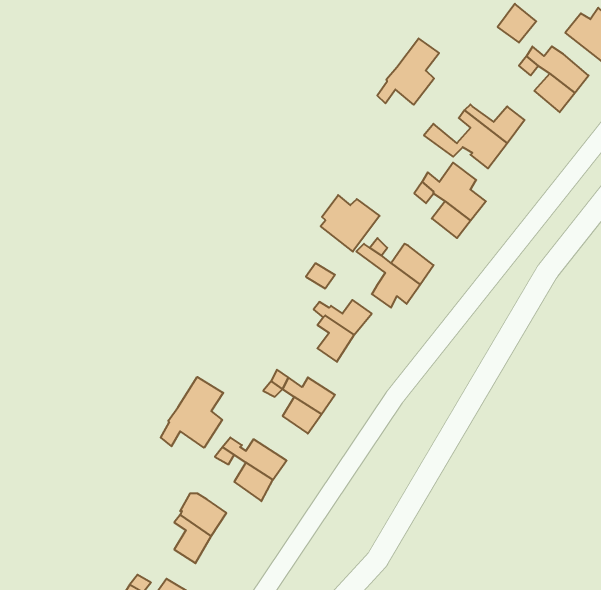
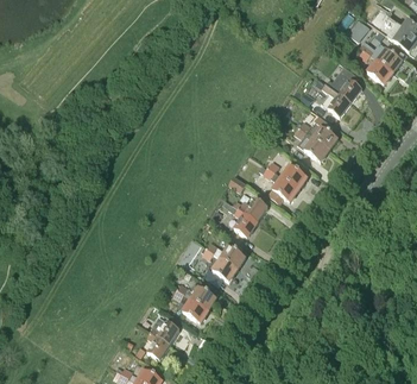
building: [377,38,439,105] -> none
building: [321,195,380,252] -> none
building: [161,377,223,448] -> none

